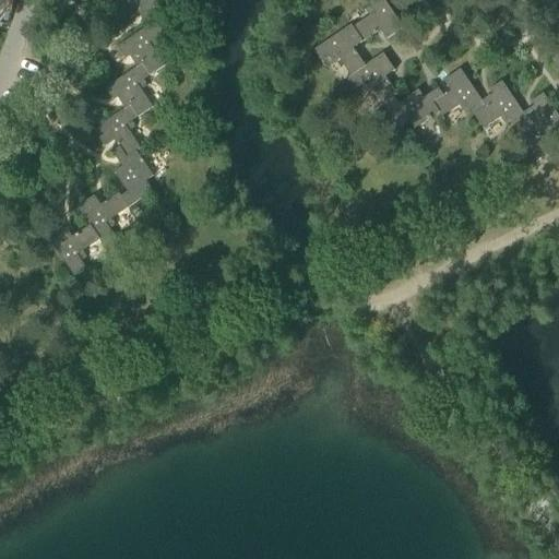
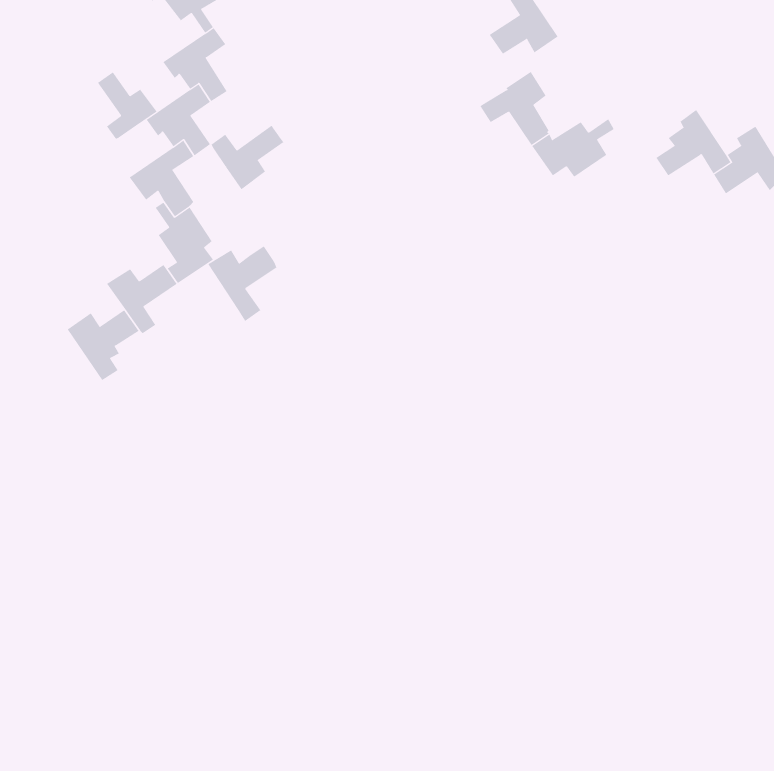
building: [313,23,366,74] -> none
building: none -> [97,71,158,139]
building: [431,68,486,115] -> none
building: none -> [211,125,284,190]
building: none -> [207,245,277,322]

